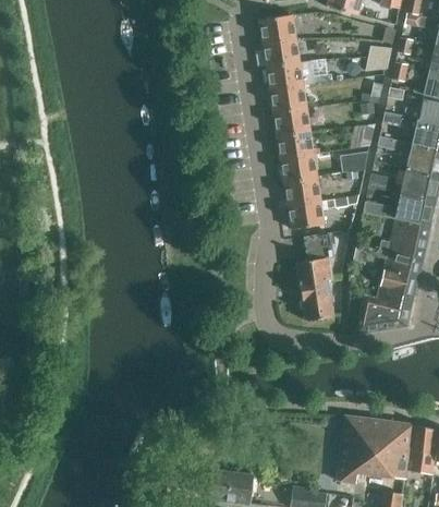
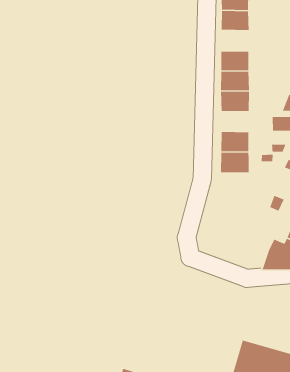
building: [267,60,314,89] -> none
building: [281,154,317,181] -> none
building: [296,228,351,321] -> none

